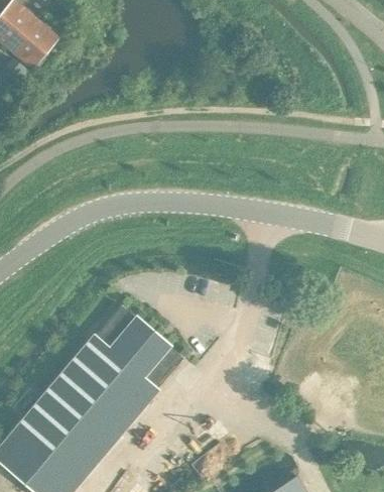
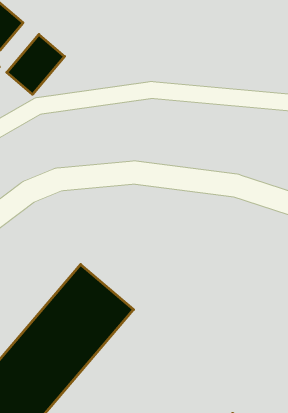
building: none -> [7,34,65,94]

